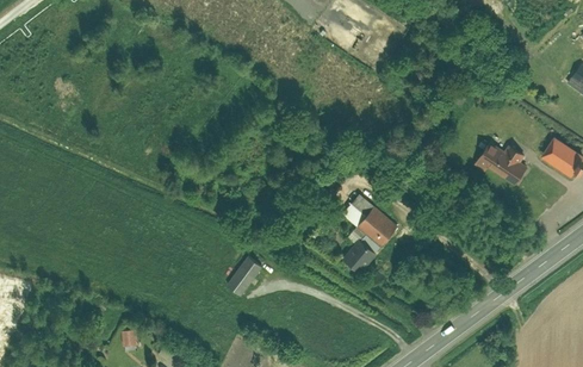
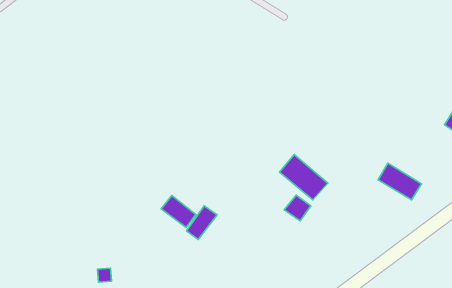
building: [473,141,526,185] -> [378,163,422,200]
building: none -> [161,195,196,227]

